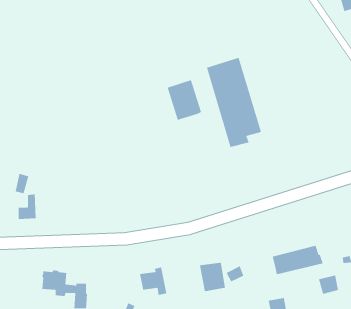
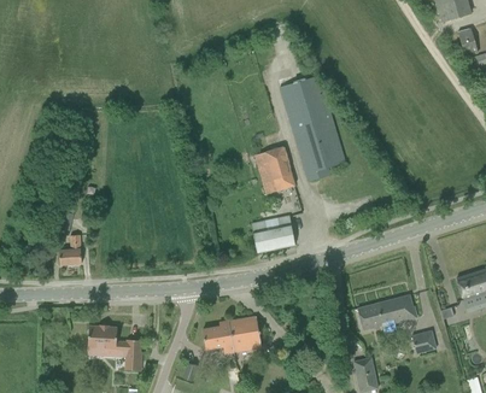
building: [167,79,202,120] -> [253,146,294,194]
building: none -> [251,216,294,252]
building: [199,262,226,292] -> [228,317,259,352]

